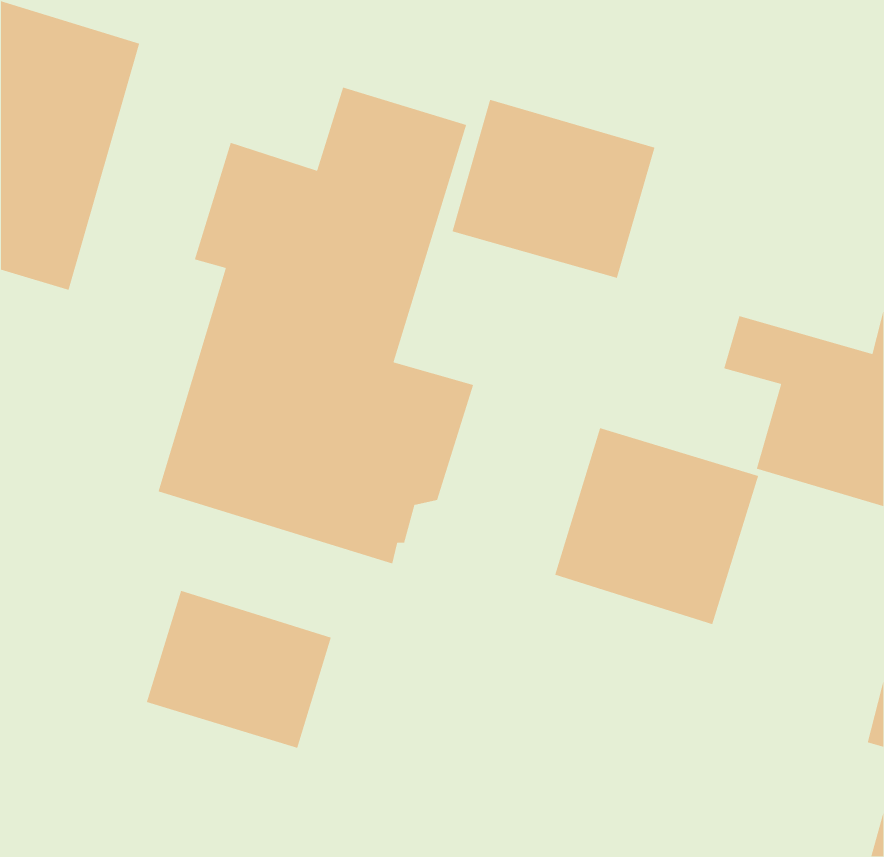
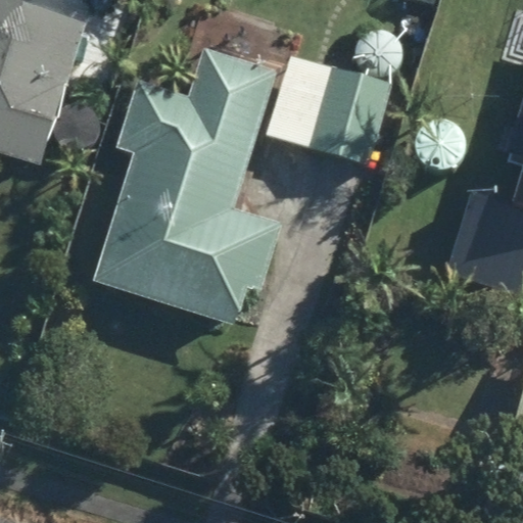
building: [554,427,759,625] -> none
building: [146,590,332,749] -> none

